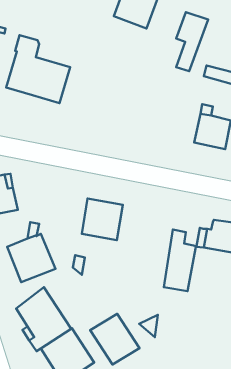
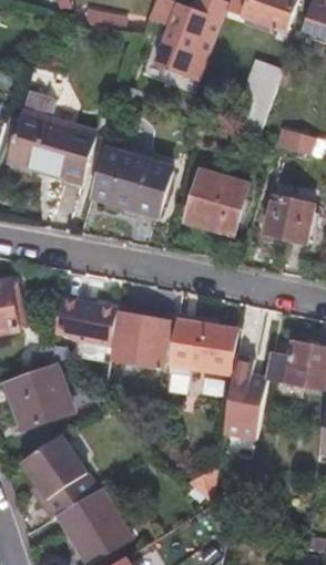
building: none -> [92,150,172,217]
building: none -> [185,172,247,236]
building: none -> [57,296,118,342]
building: none -> [169,316,233,364]
building: [90,314,139,364] -> none

